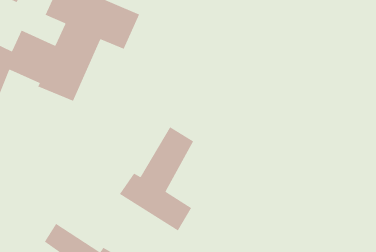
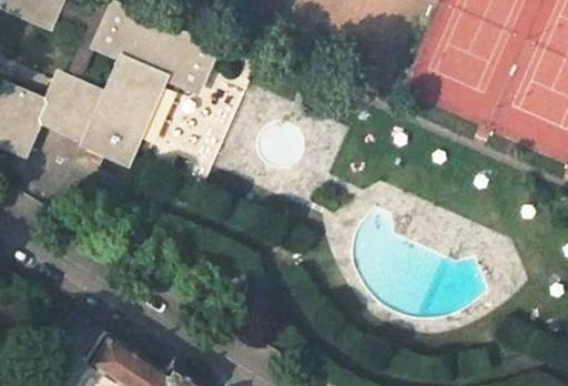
building: [119,126,194,232] -> none

